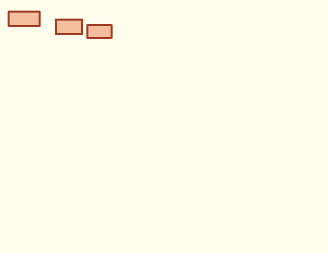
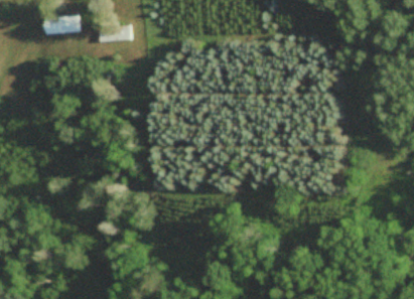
building: [87,25,111,38] -> none

